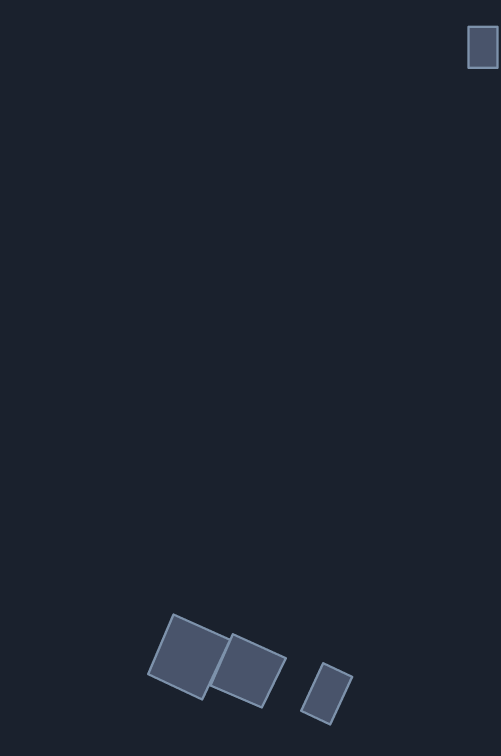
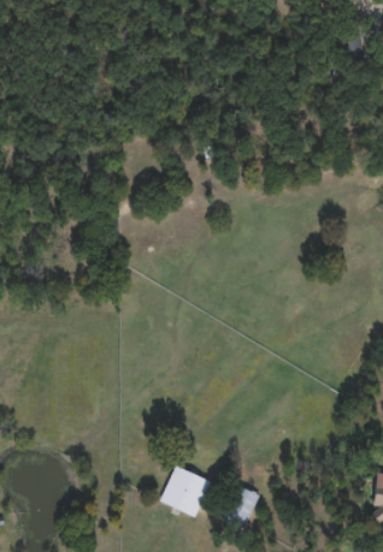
building: [148,614,230,700] -> none

